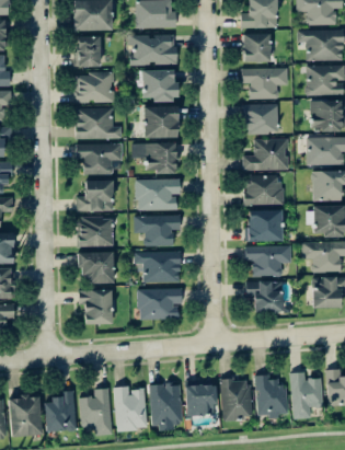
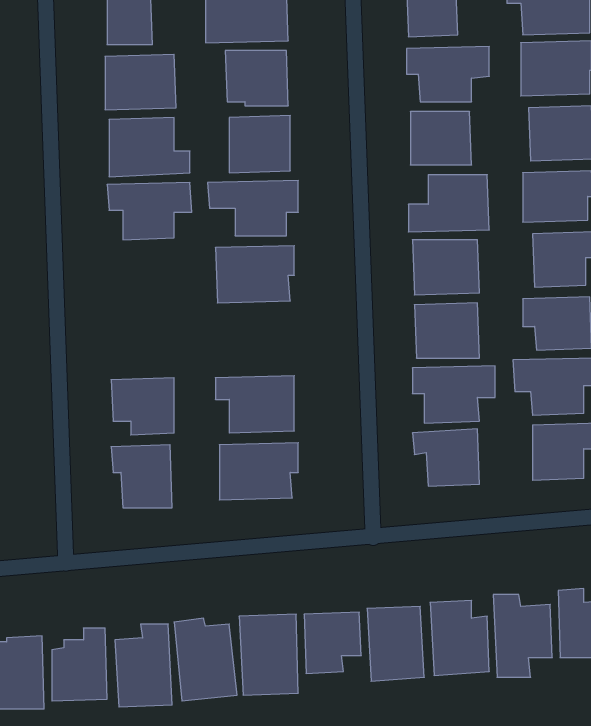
building: [77,180,113,211] -> none
building: [135,215,180,246] -> none
building: [78,217,113,246] -> none

